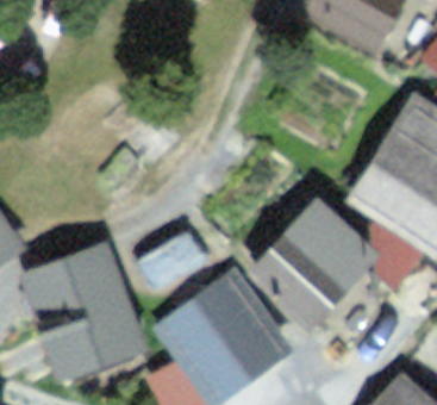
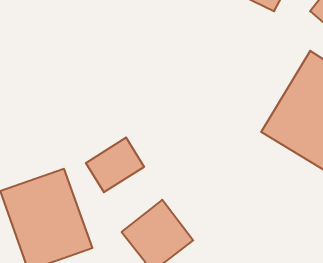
building: [250,197,381,330] -> none

